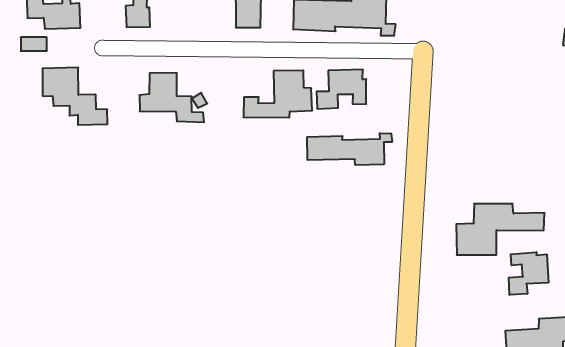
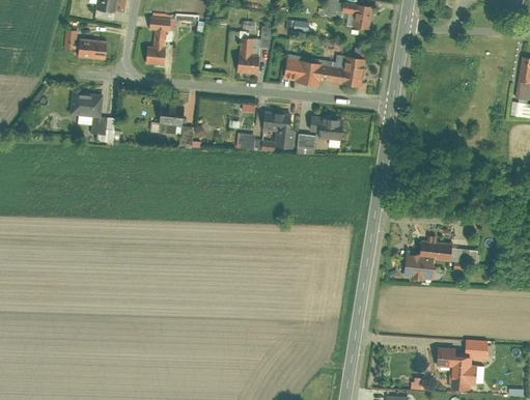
building: [307,133,392,165] -> none
building: [509,252,548,295] -> none

